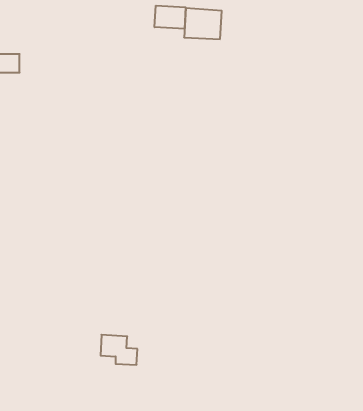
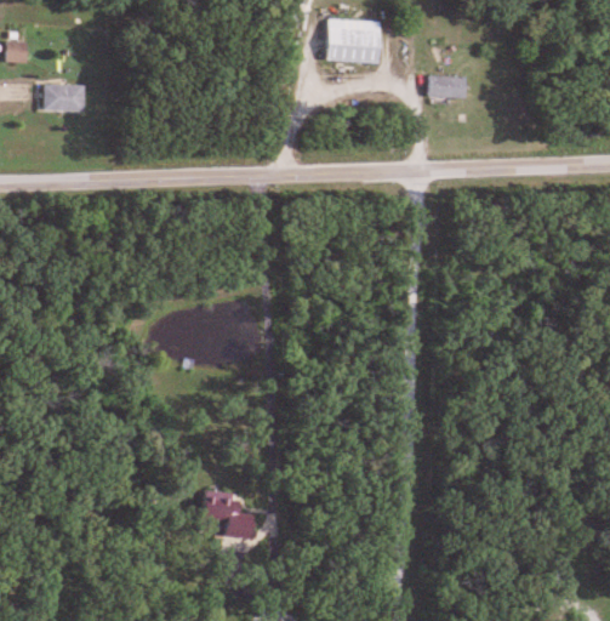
building: [155,6,186,29] -> none
building: none -> [427,75,466,97]

